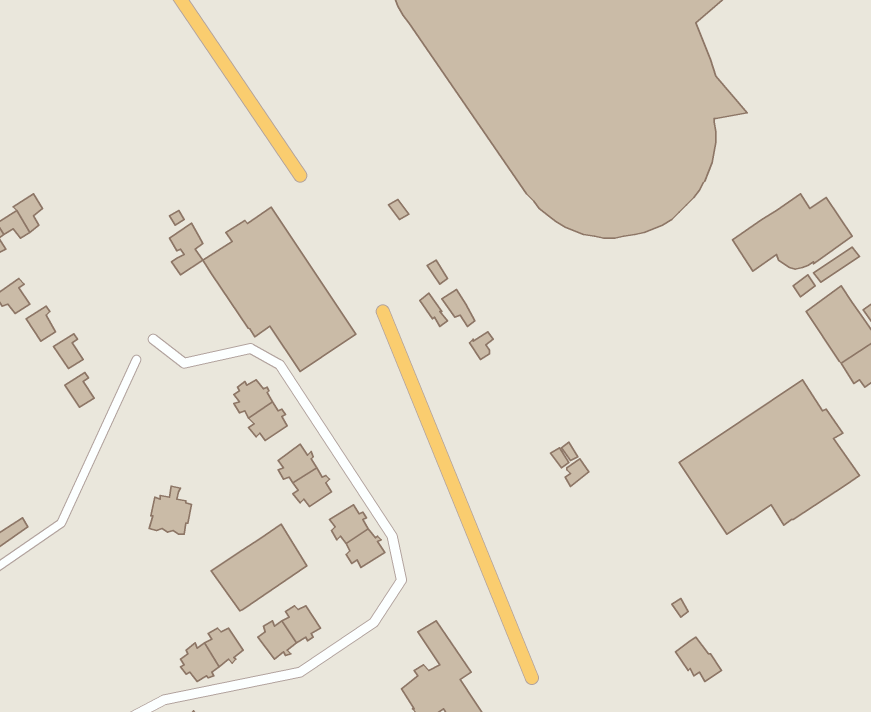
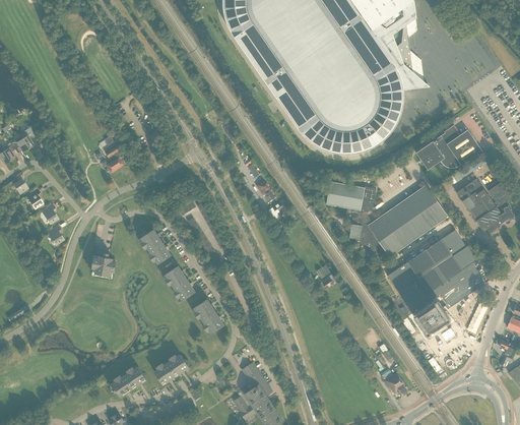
building: [203,207,356,371] -> none
building: none -> [325,181,447,260]
building: [149,486,191,534] -> [91,251,115,278]
building: none -> [413,301,449,335]
building: [211,524,307,611] -> none

